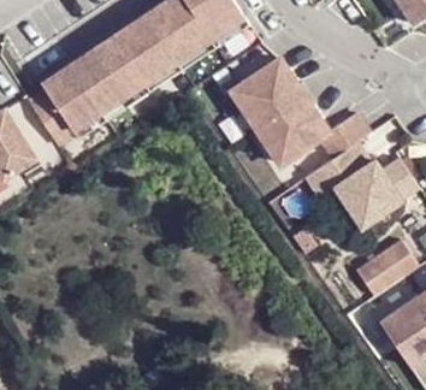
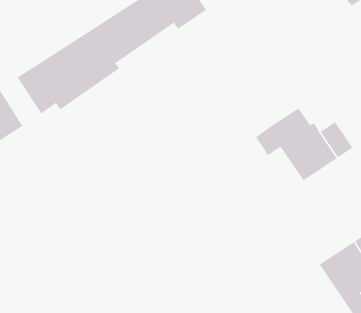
building: [227,58,365,161] -> none
building: [353,230,418,289] -> none

